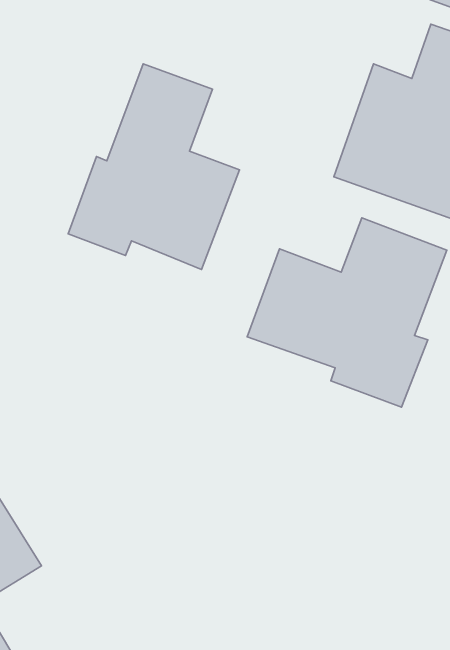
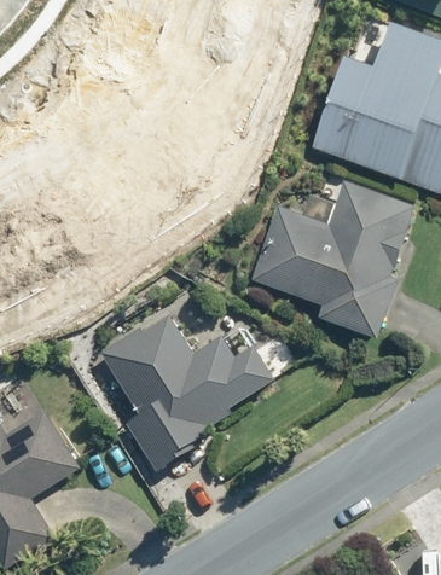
building: [68,64,240,270] -> none
building: none -> [100,316,271,471]

